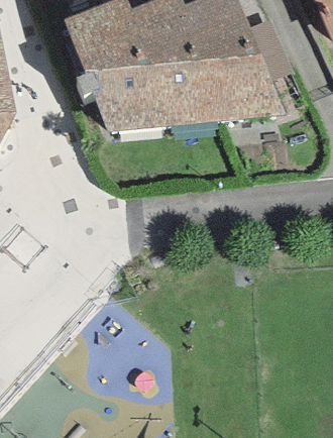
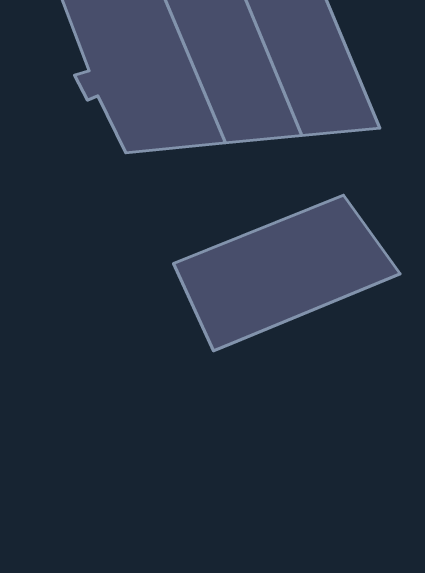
building: none -> [173,195,400,351]

